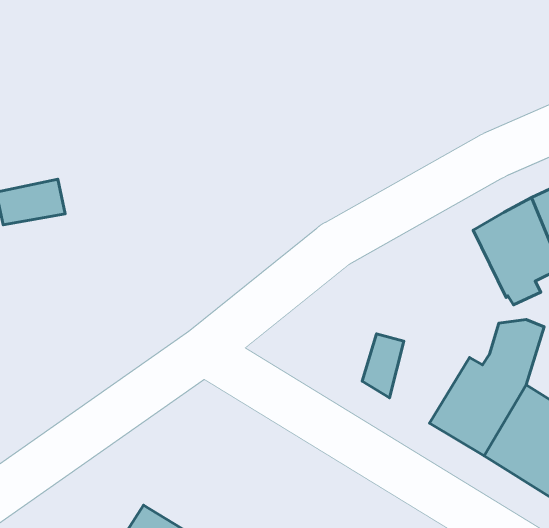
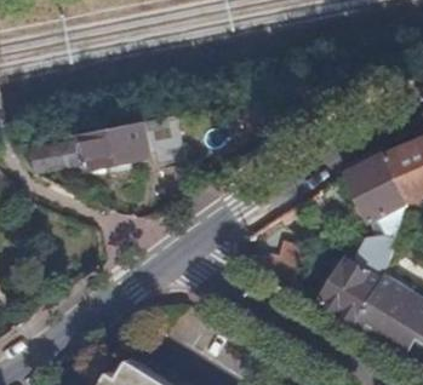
building: none -> [81,116,183,169]

